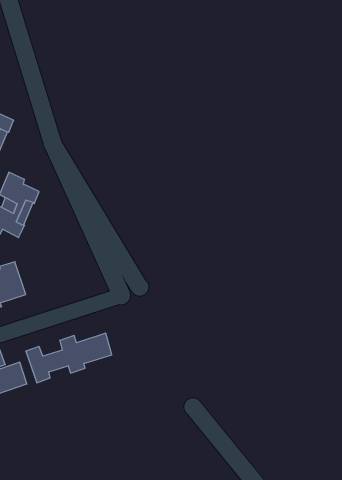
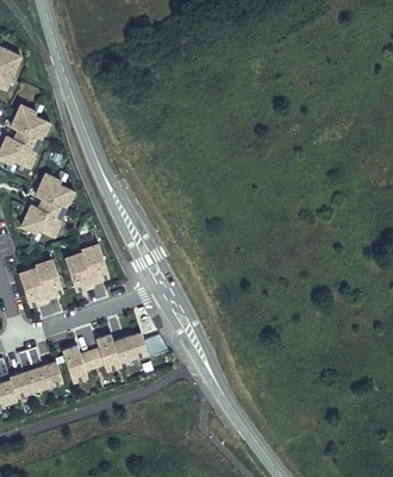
building: none -> [67,245,108,291]

